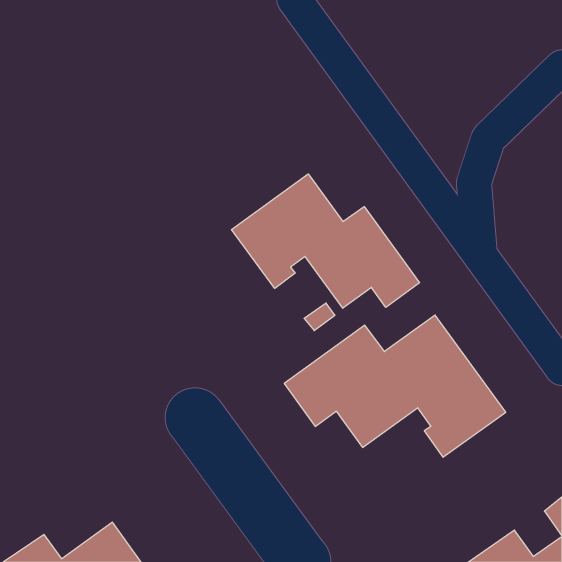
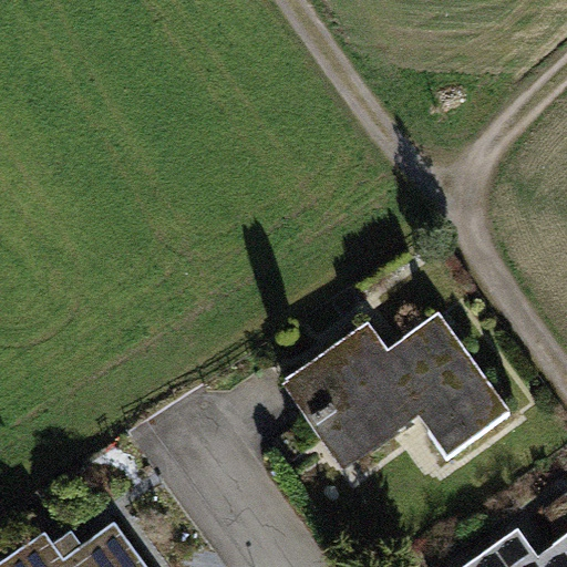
building: [232,174,420,308] -> none

